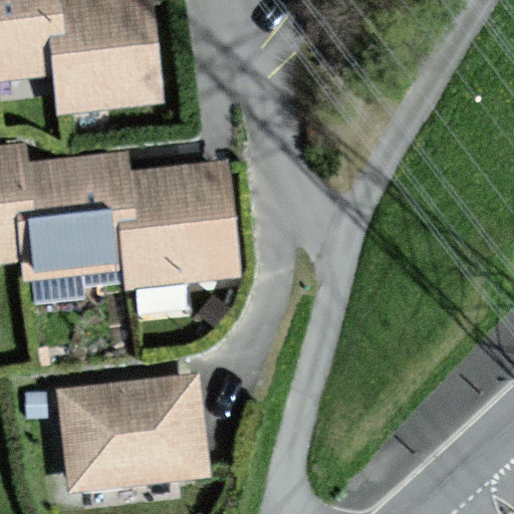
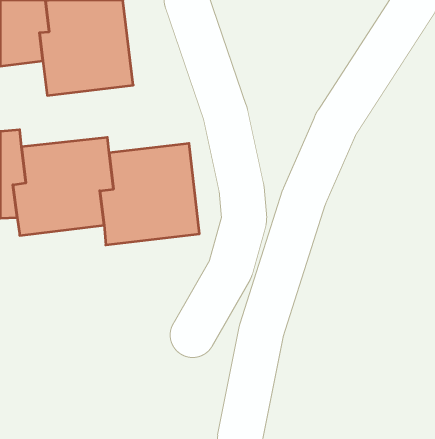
building: [64,379,208,488] -> none

